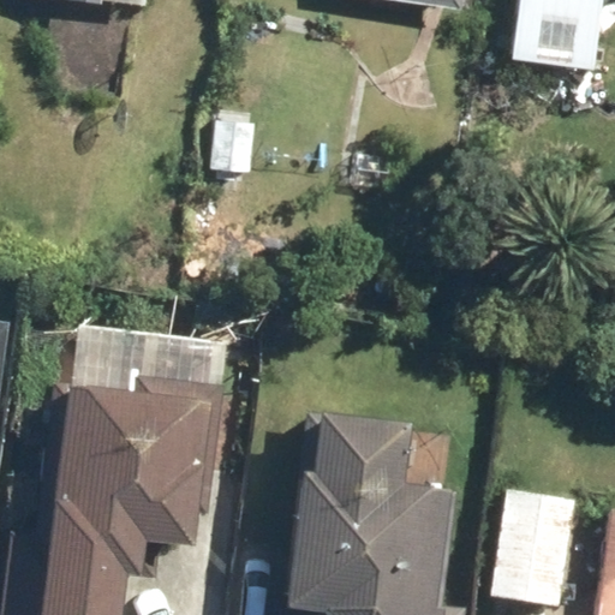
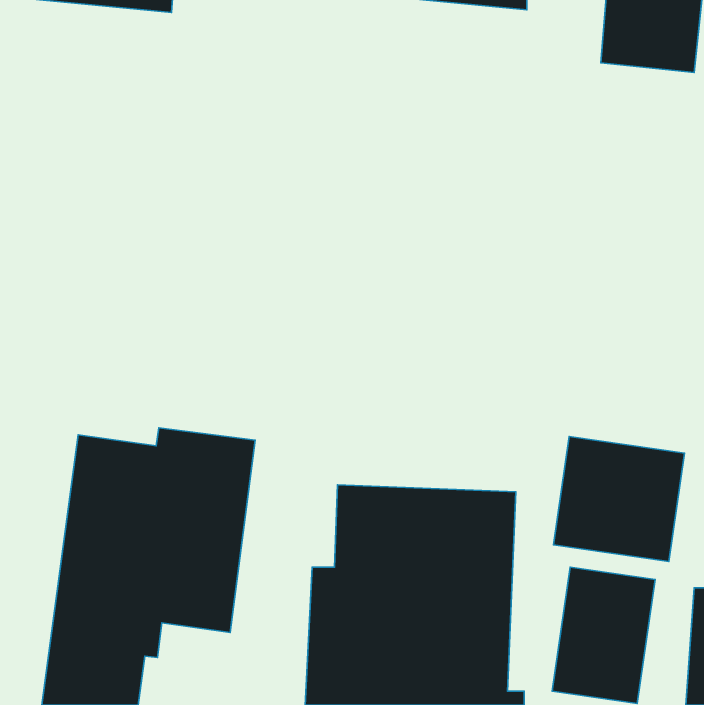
building: none -> [554,436,684,561]

